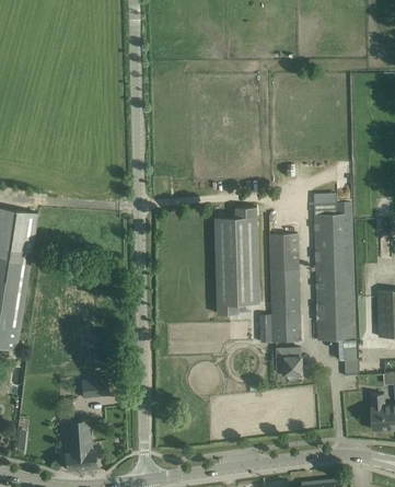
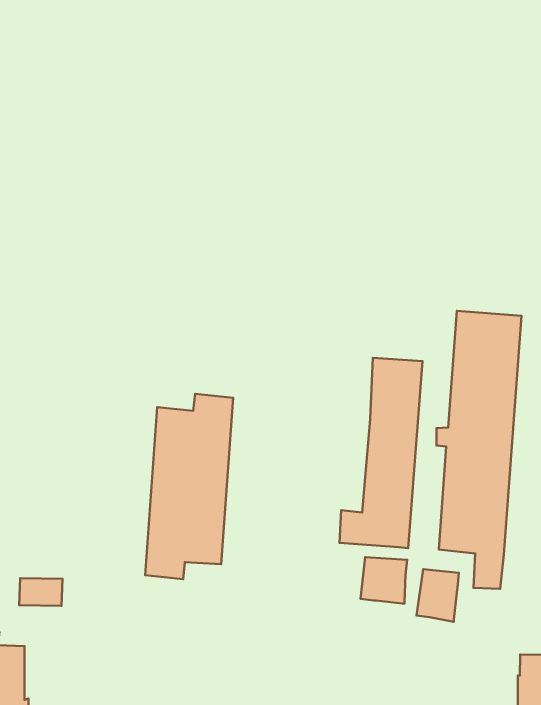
building: [213,208,259,314] -> [145,394,233,579]
building: none -> [417,569,459,622]

